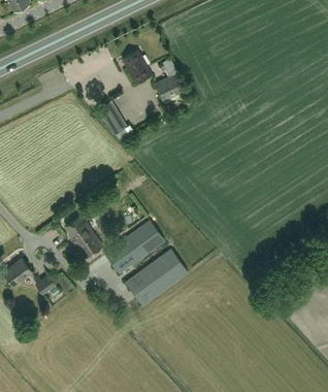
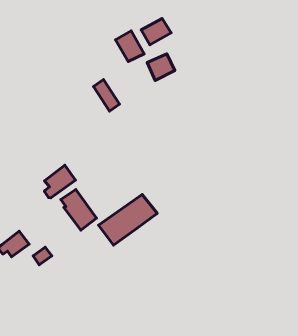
building: none -> [141,19,171,45]
building: none -> [44,165,75,198]
building: [125,249,188,305] -> none

